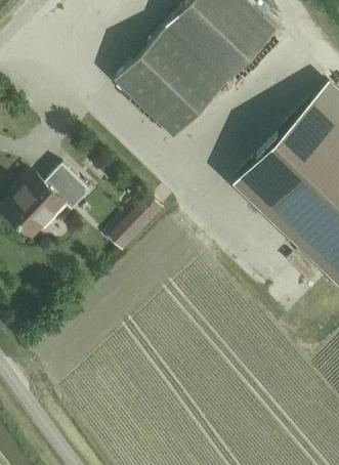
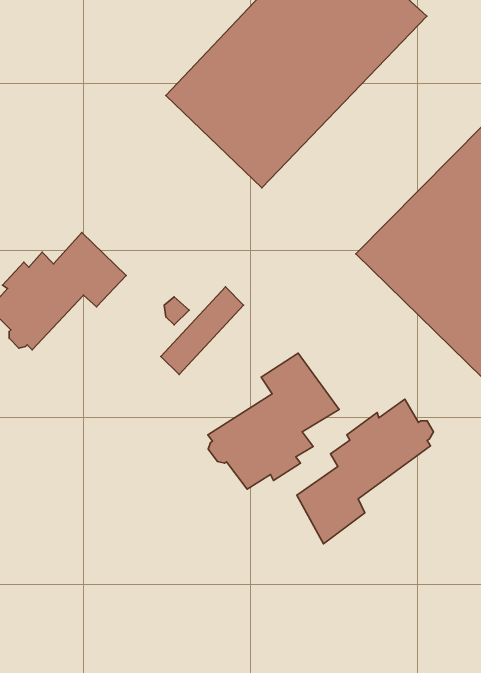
building: none -> [208,353,339,489]
building: none -> [297,399,433,544]

